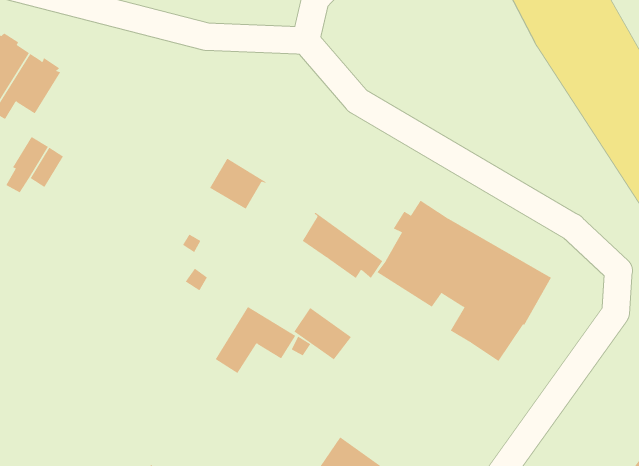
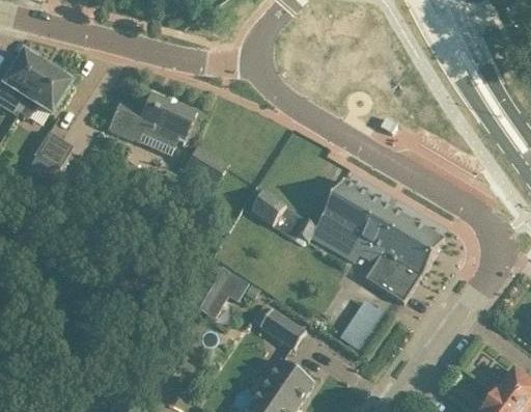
building: none -> [106,93,189,155]
building: [294,307,352,360] -> [260,307,305,348]
building: none -> [340,299,387,352]

